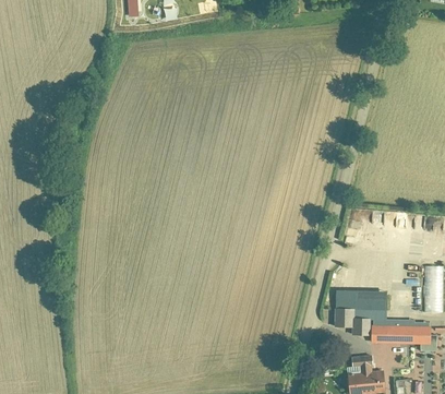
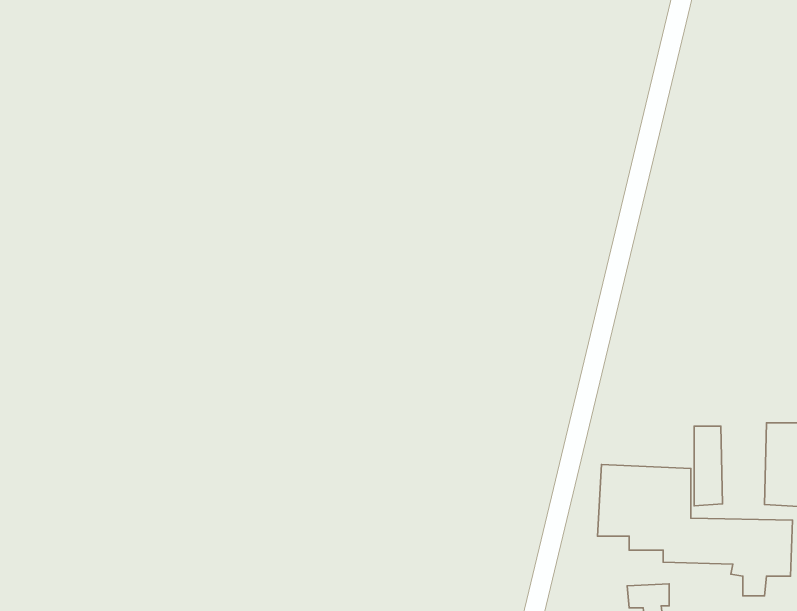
building: none -> [694,426,722,506]

